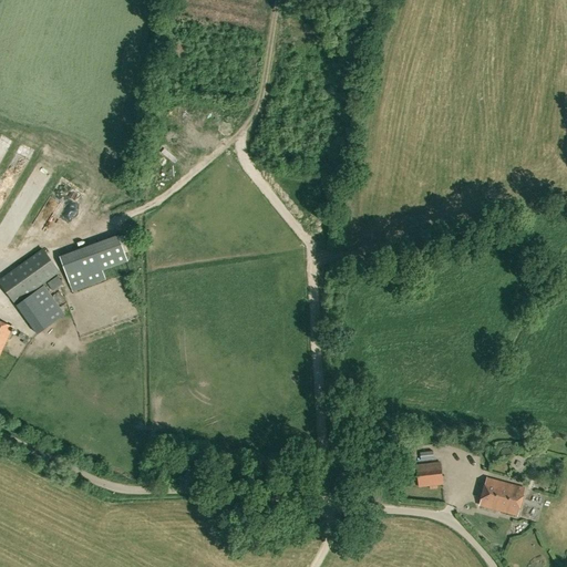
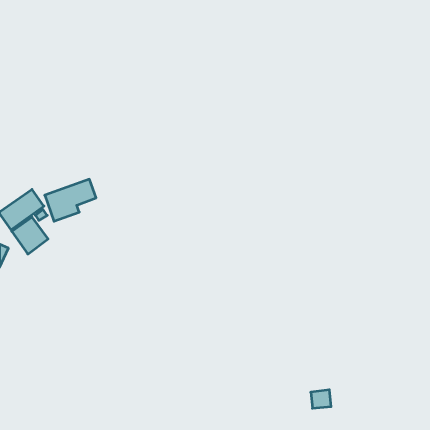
building: [415,462,442,486] -> [311,390,331,408]
building: [478,477,524,515] -> none

